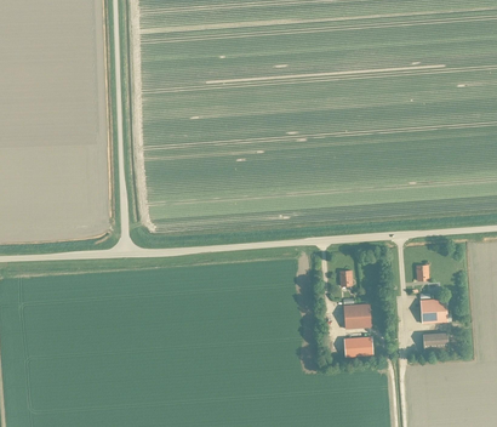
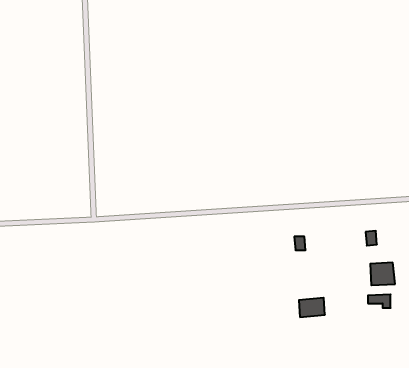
building: [343,303,371,329] -> none

